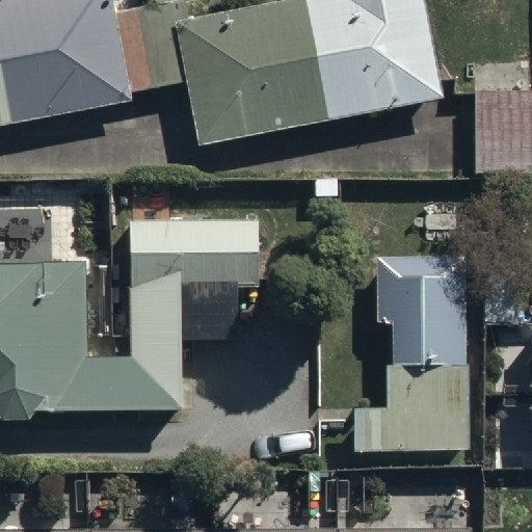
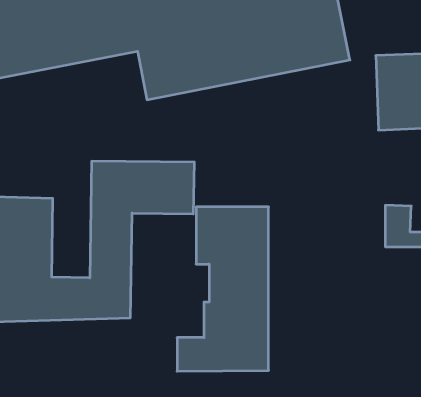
building: [356,255,467,452] -> [177,207,269,371]

